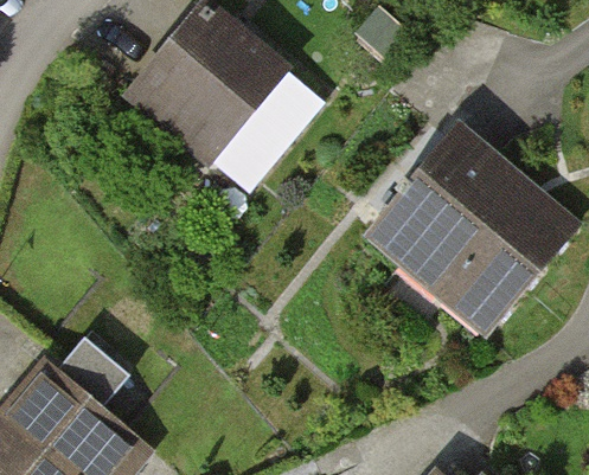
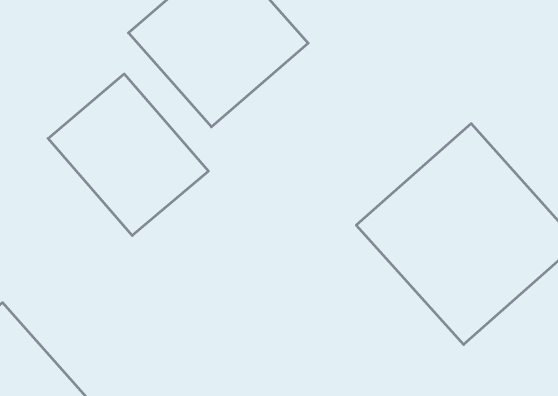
building: none -> [48,74,208,236]

